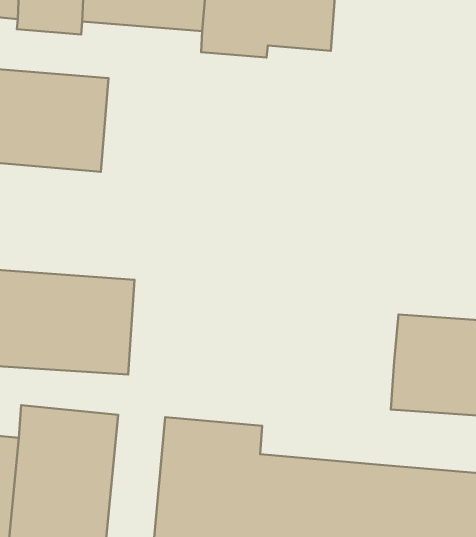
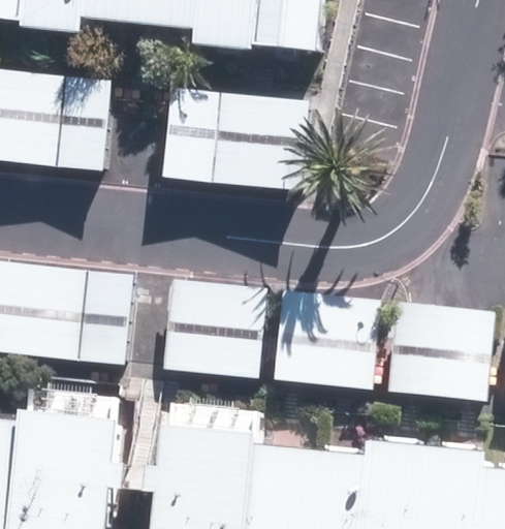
building: none -> [163,88,308,191]
building: none -> [161,277,266,379]
building: none -> [276,294,375,385]

